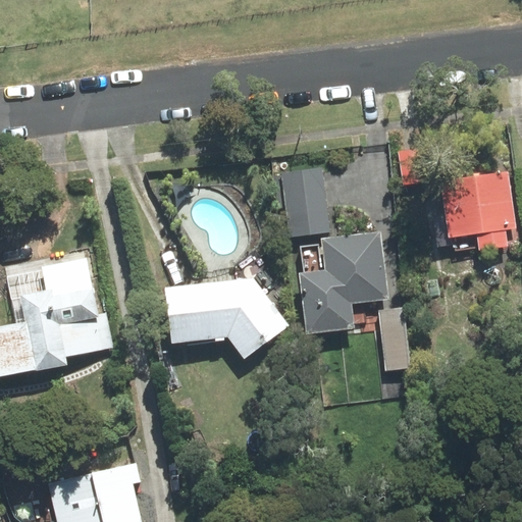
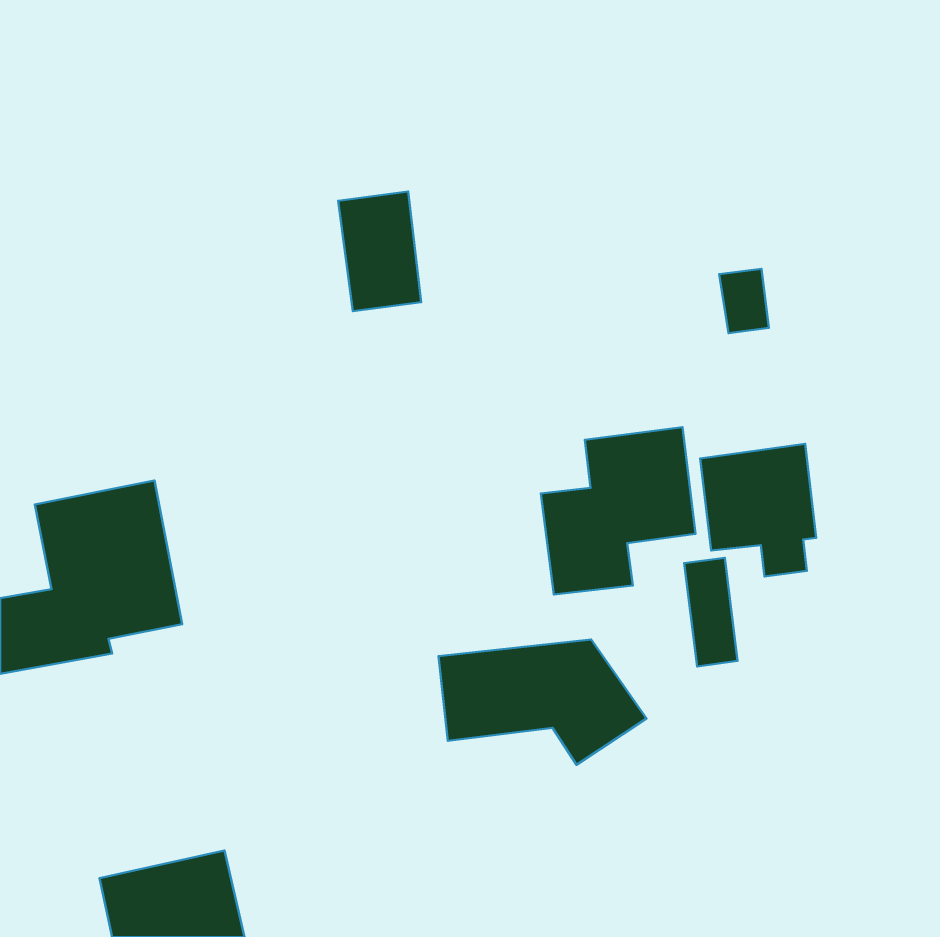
building: [282,169,328,236] -> [338,192,421,311]
building: [446,174,510,248] -> [700,444,816,576]
building: [167,281,282,351] -> [439,639,646,765]

